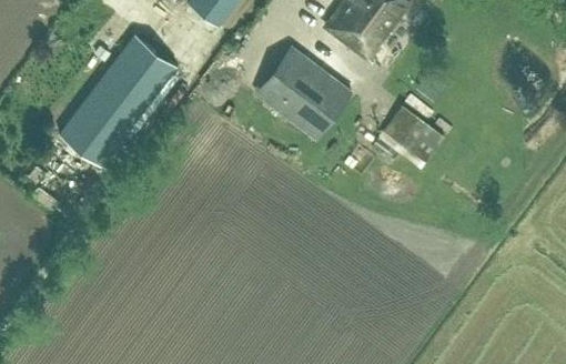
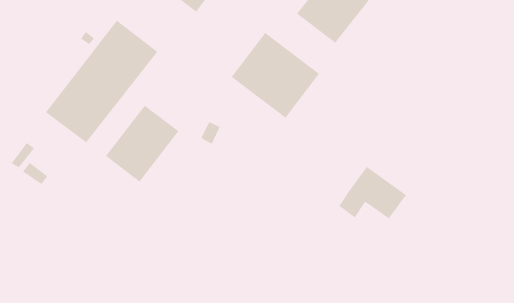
building: [372,105,445,162] -> [338,166,407,219]
building: none -> [105,105,179,182]

